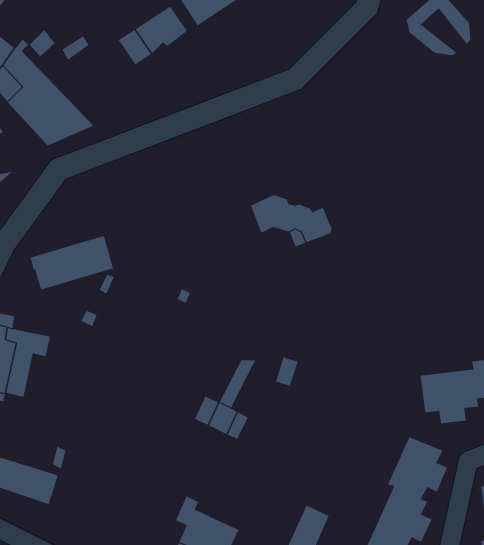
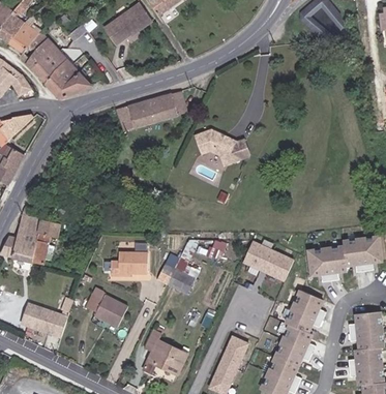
building: [30,236,114,290] -> [121,93,177,129]
building: none -> [244,238,291,276]
building: none -> [111,252,147,275]
building: none -> [86,293,127,328]

